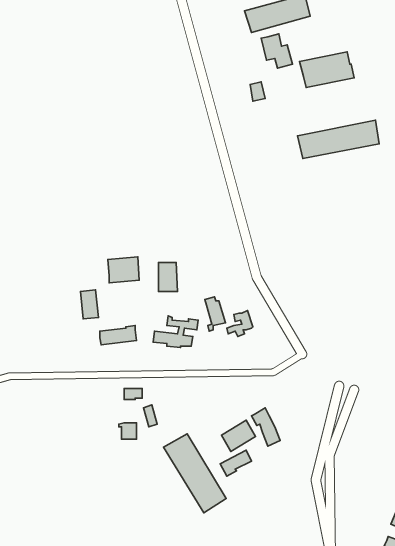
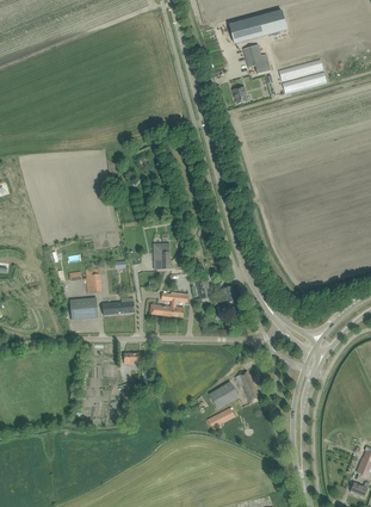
building: [298,120,379,159] -> none
building: [108,257,139,283] -> [70,297,98,320]
building: [164,434,226,513] -> none

